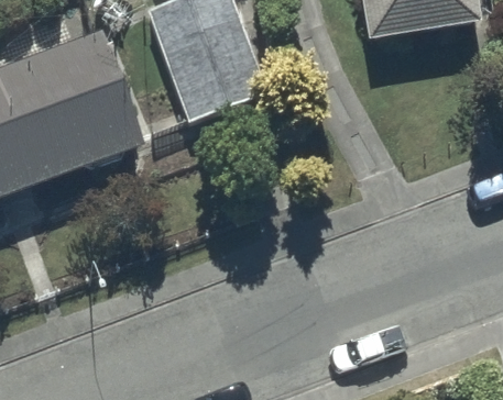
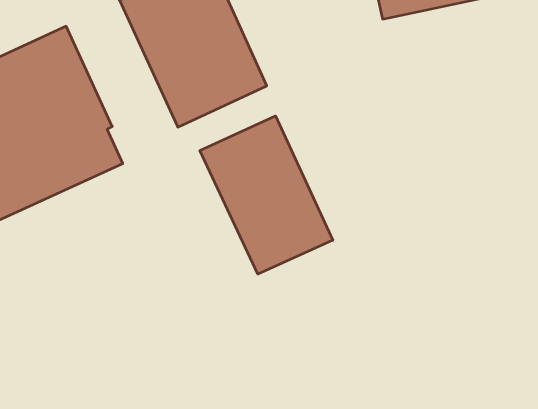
building: none -> [200,116,333,274]

